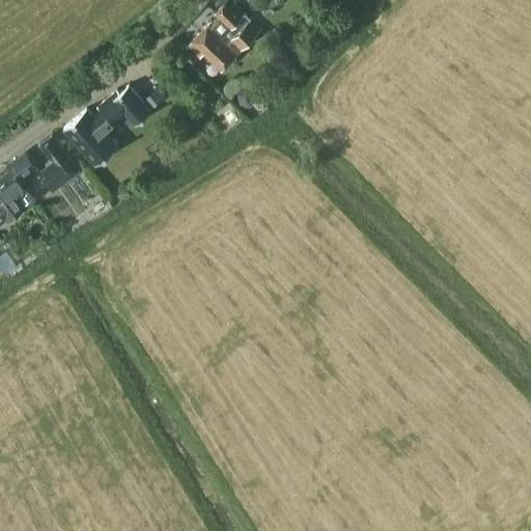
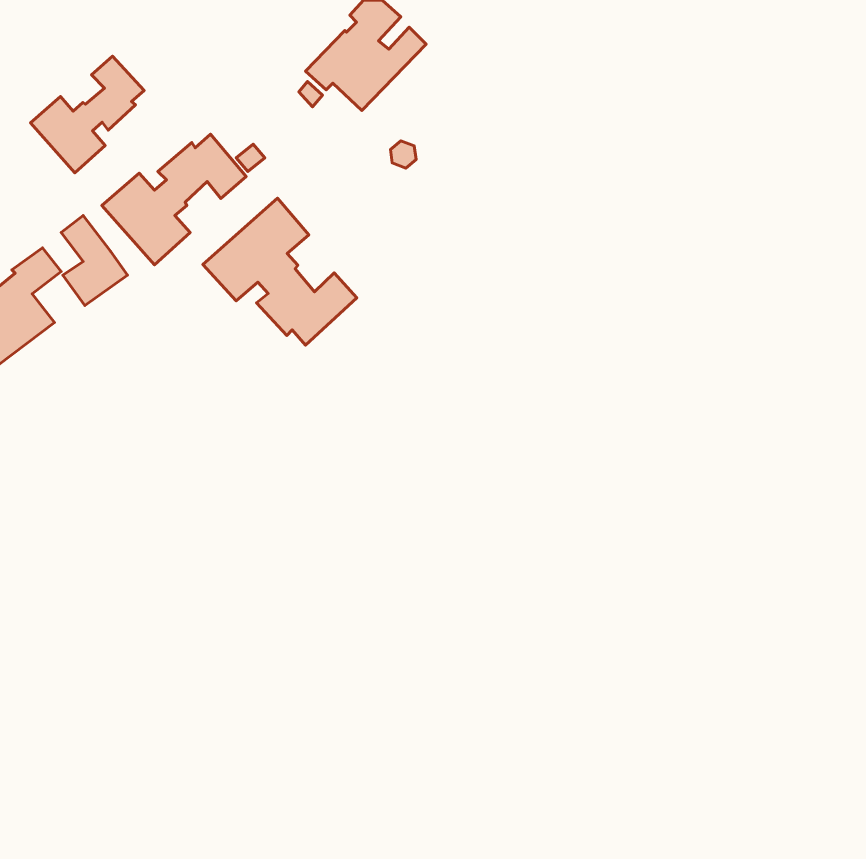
building: none -> [30,56,144,173]
building: none -> [203,198,357,345]

